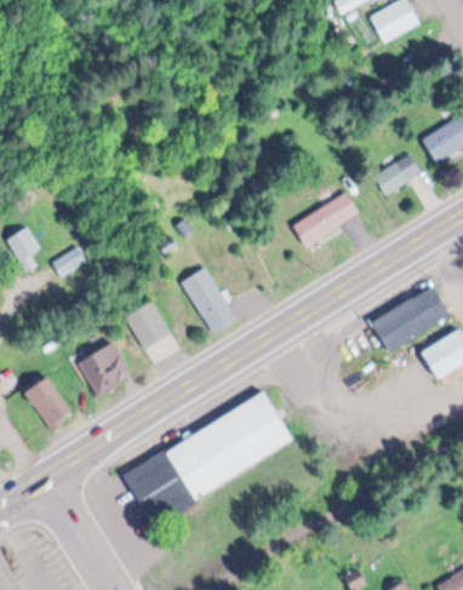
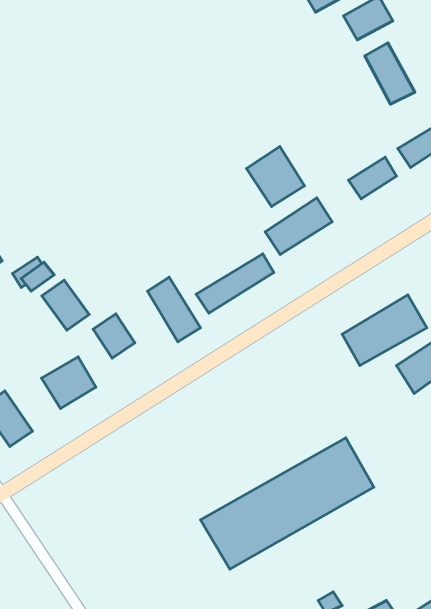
building: none -> [365,43,415,104]
building: none -> [246,147,305,207]
building: none -> [196,254,274,313]
building: none -> [42,280,89,330]
building: [125,393,291,519] -> [201,438,374,569]

